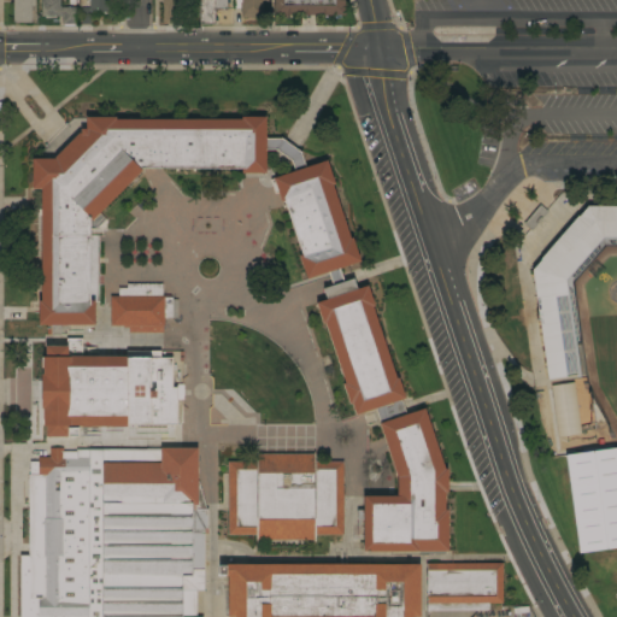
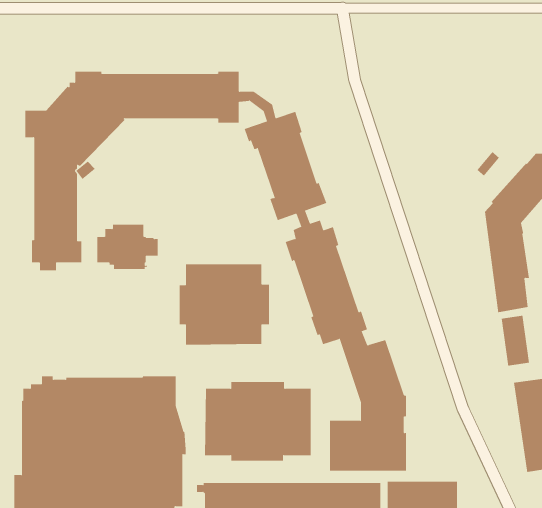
building: none -> [179,263,269,345]
building: [43,339,178,445] -> none

